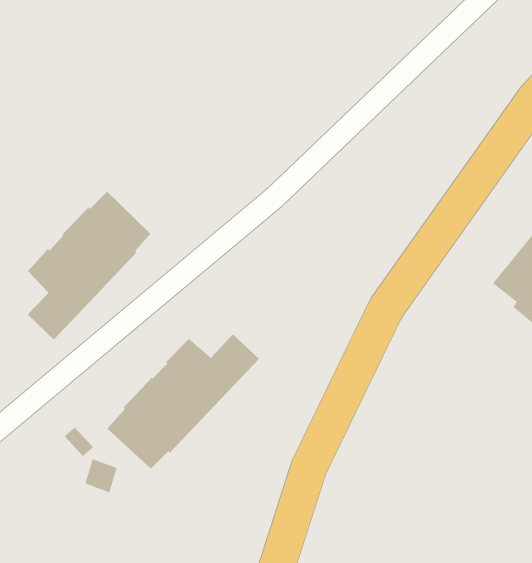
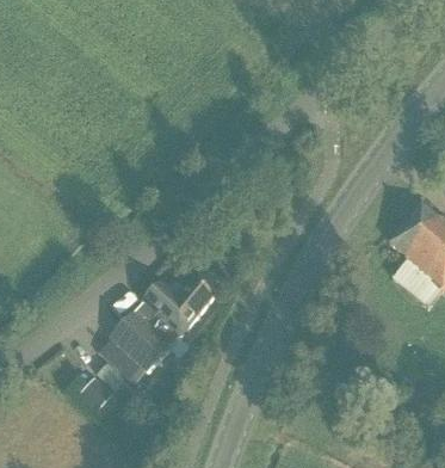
building: [27,191,151,340] -> none

